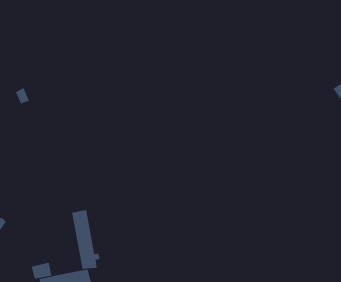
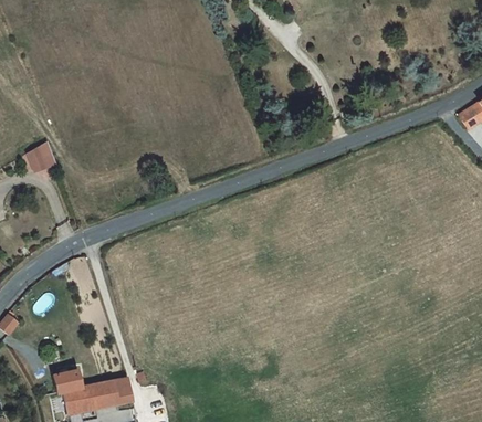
building: [71,209,100,269] -> none

